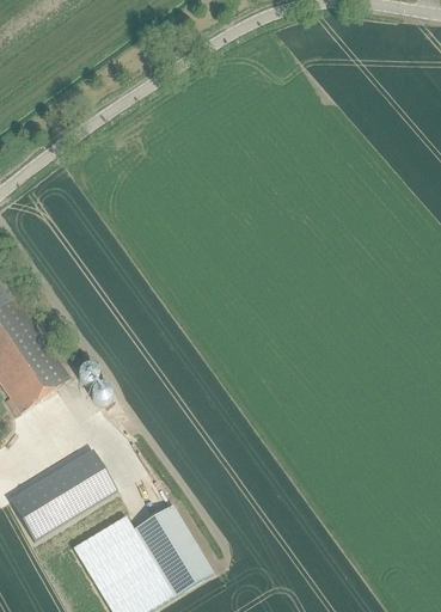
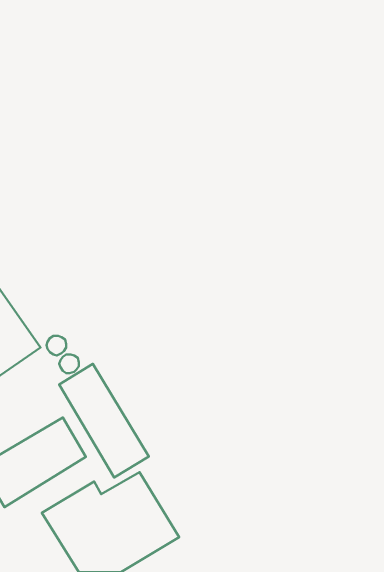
building: none -> [59,364,149,477]

